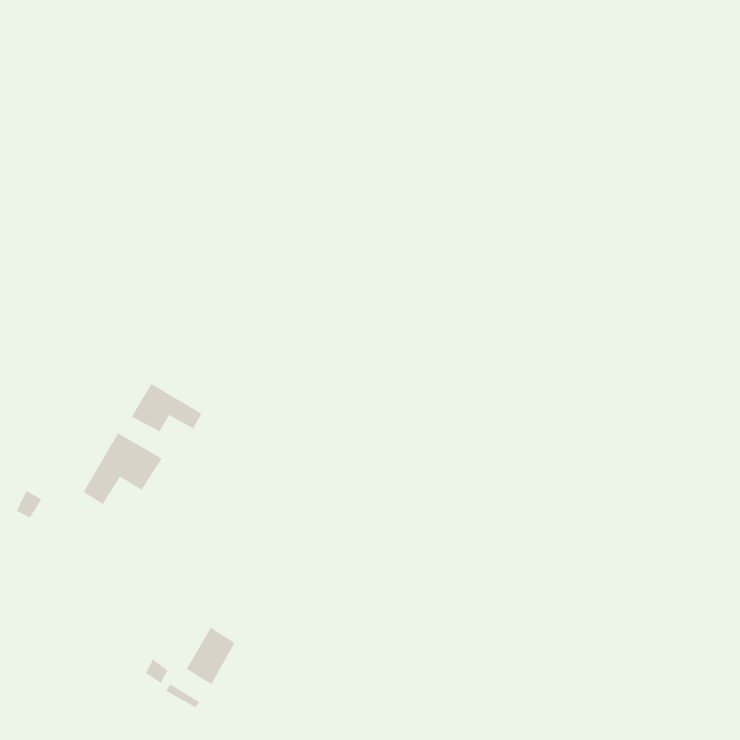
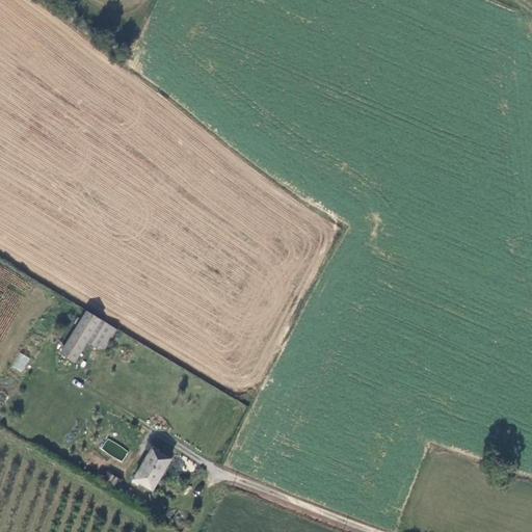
building: [131,383,202,432] -> none

